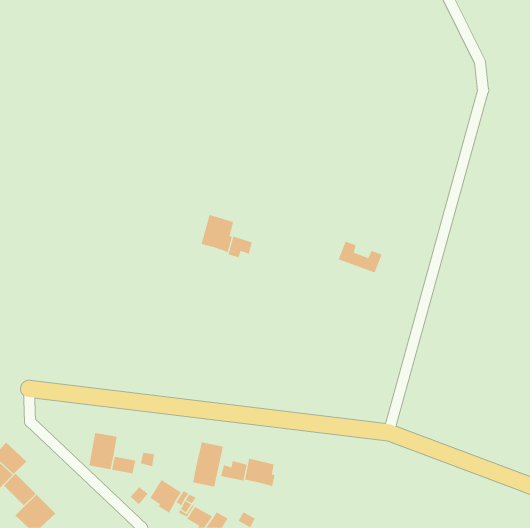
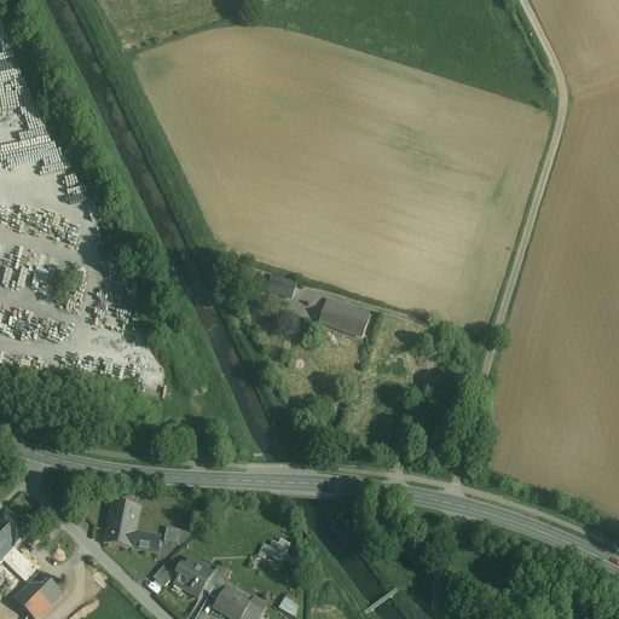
building: [201,214,234,253] -> none
building: [338,241,383,273] -> [318,297,370,335]
building: [193,441,223,488] -> none
building: [244,458,275,487] -> none

